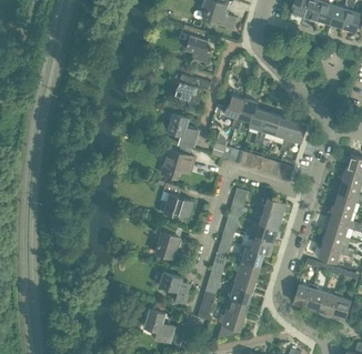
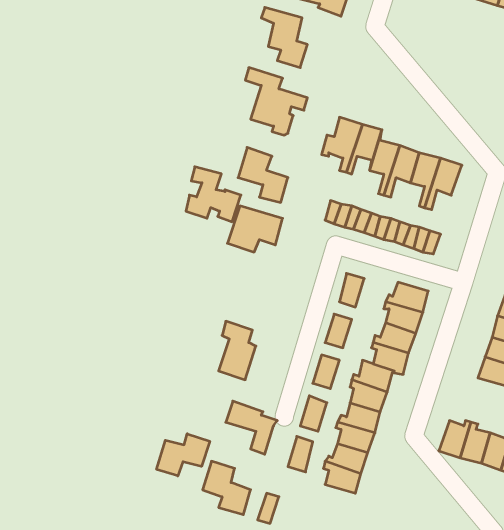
building: [160,183,194,218] -> [186,167,241,222]
building: none -> [157,434,210,476]

